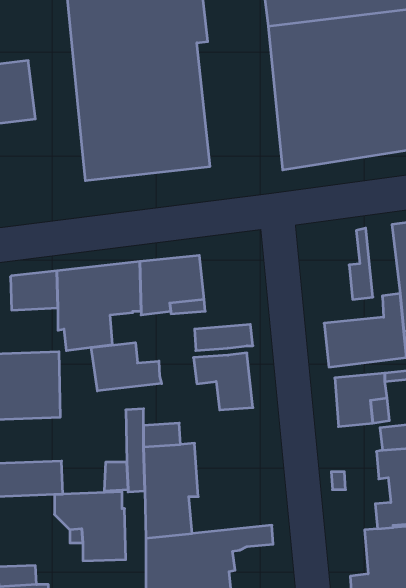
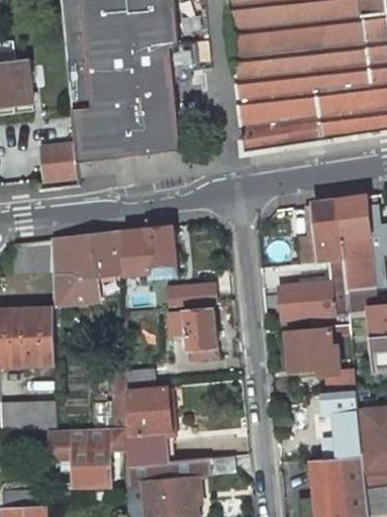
building: none -> [41,143,77,180]
building: none -> [313,200,343,262]
building: [91,343,162,391] -> none

